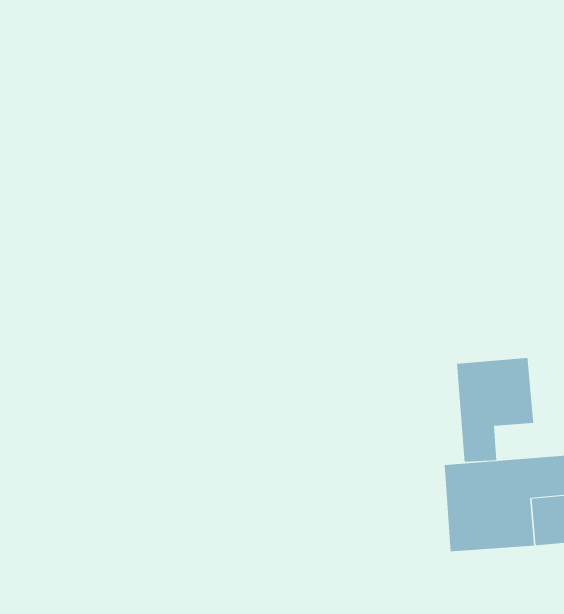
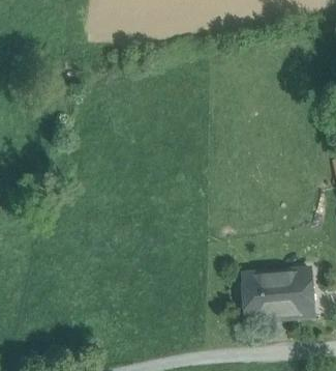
building: [456,357,534,463] -> none

